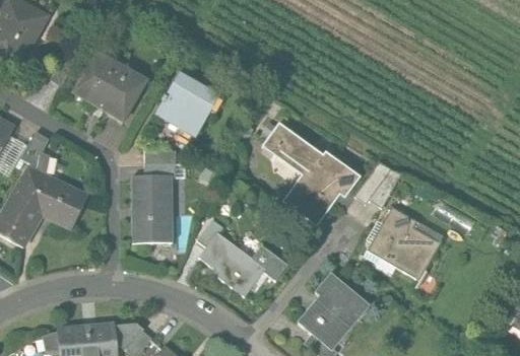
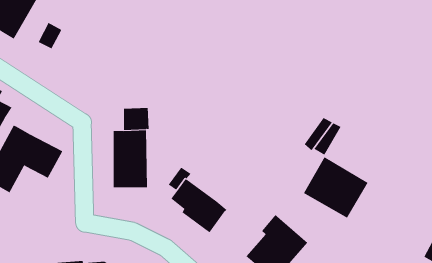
building: [75,51,151,122] -> none
building: [157,73,222,137] -> none
building: [266,123,365,225] -> none
building: [10,137,42,181] -> none
building: [256,245,290,281] -> none

